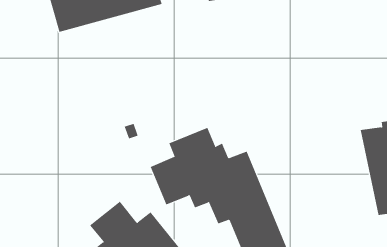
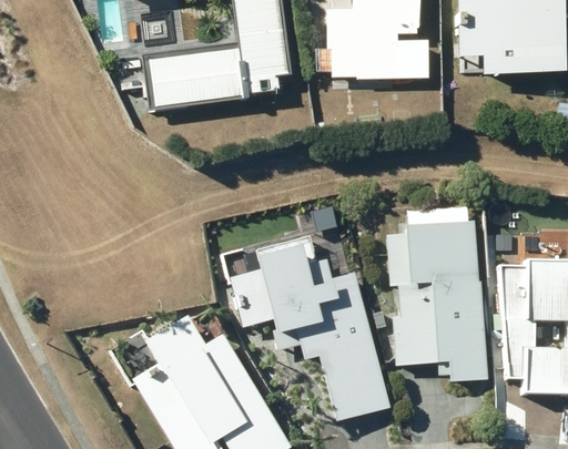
building: none -> [393,221,488,381]

